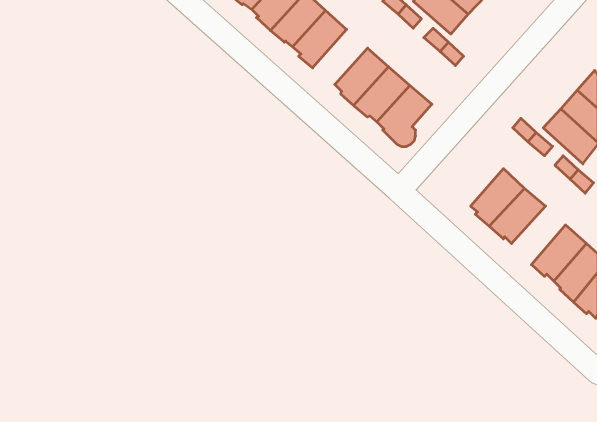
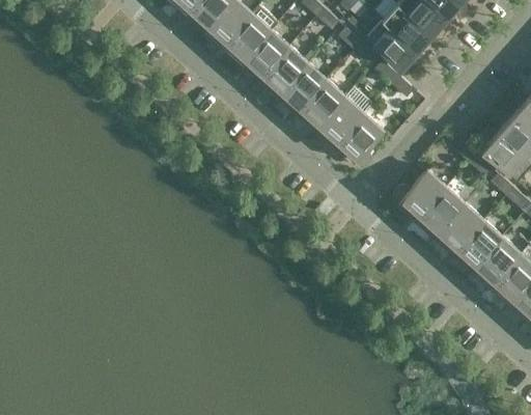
building: none -> [278,62,327,111]
building: none -> [393,169,447,219]
building: none -> [454,219,502,271]

